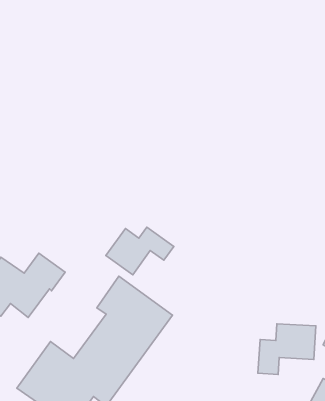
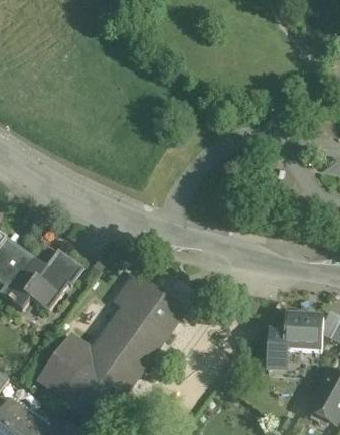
building: [106,227,174,275] -> none

